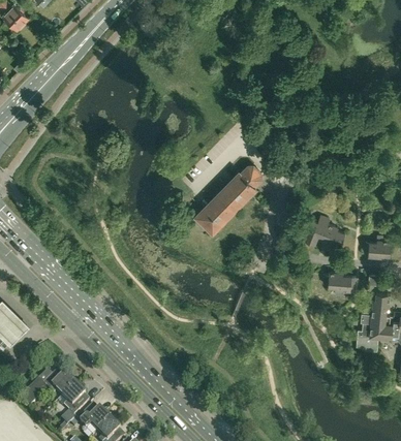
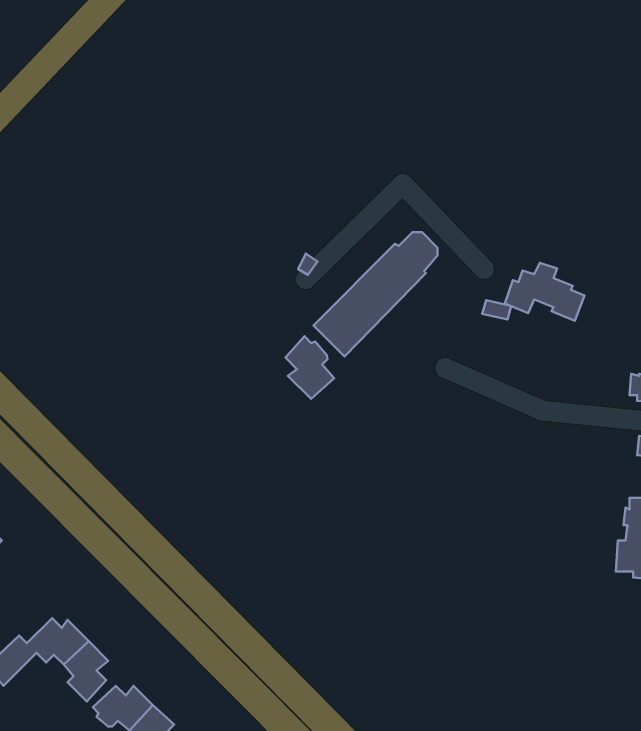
building: [302,217,344,248] -> [505,263,584,321]
building: none -> [285,336,334,399]
building: [323,274,354,291] -> none

